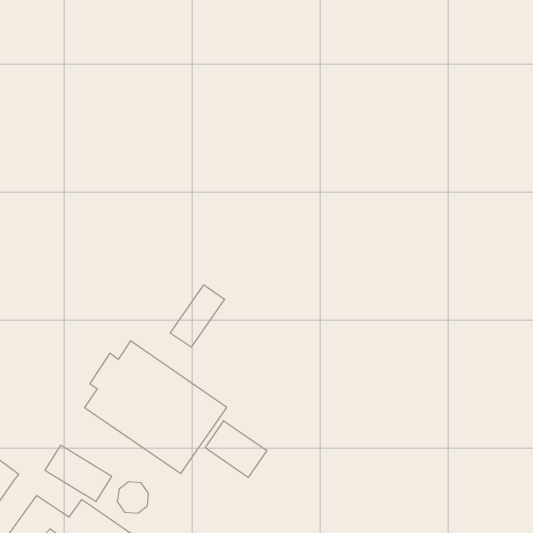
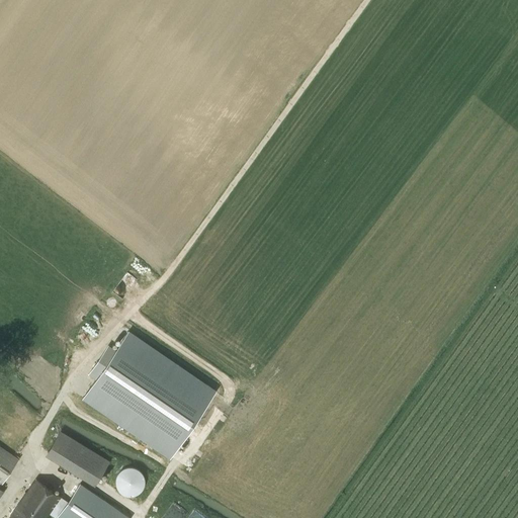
building: [170,285,225,347] -> none
building: [205,421,267,478] -> none

